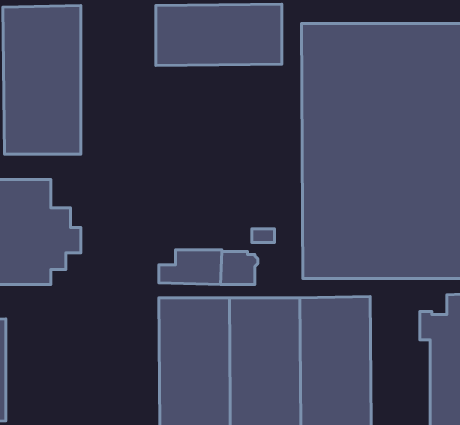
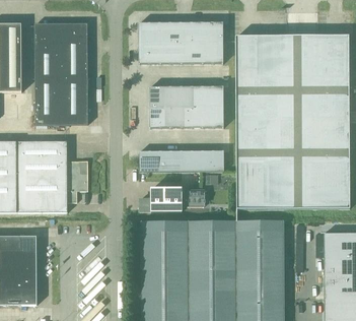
building: none -> [149,85,223,127]
building: none -> [139,149,223,171]

